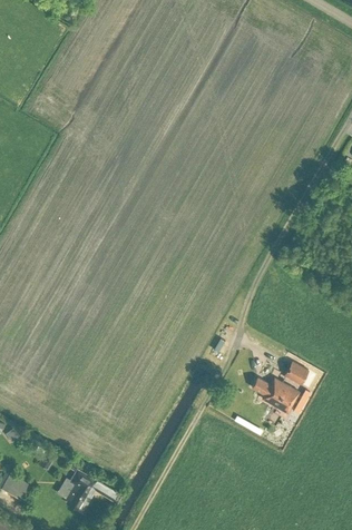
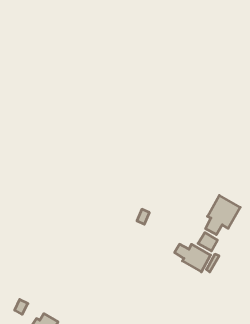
building: none -> [206,195,240,235]

